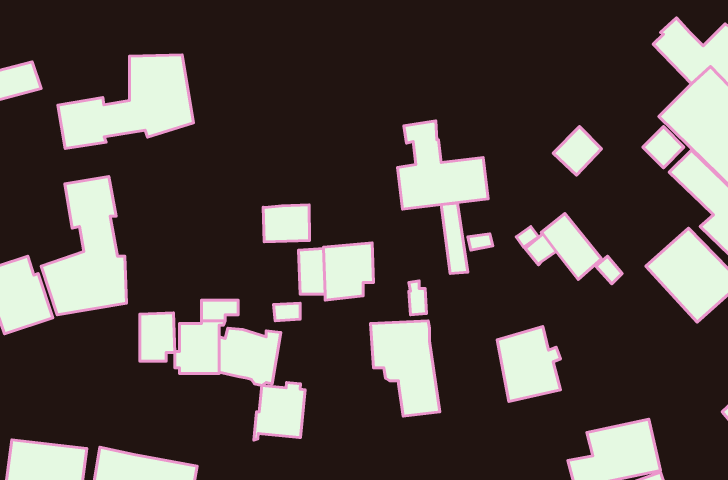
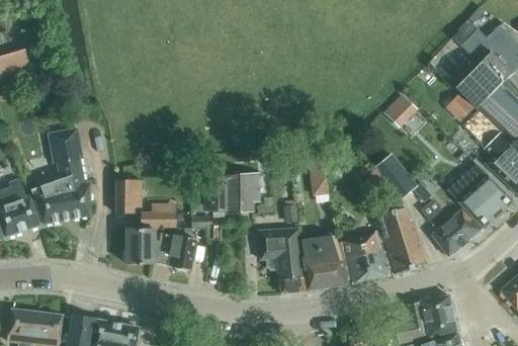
building: [58,55,194,149] -> none
building: [397,121,488,209] -> none
building: [263,205,309,242] -> none
building: none -> [420,198,481,256]
building: none -> [376,206,427,272]
building: [140,313,175,361] -> [116,179,141,212]
building: none -> [298,236,347,290]
building: [254,382,305,440] -> none

